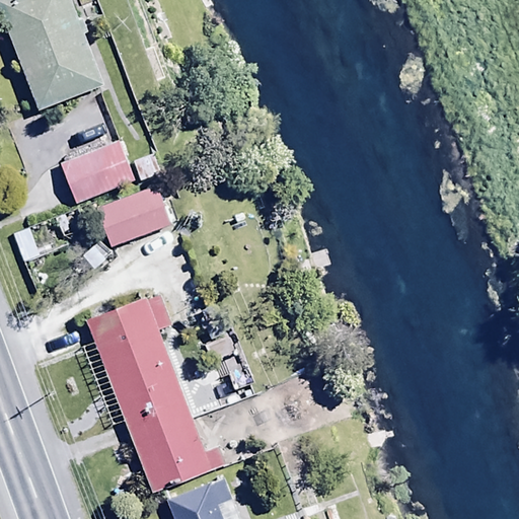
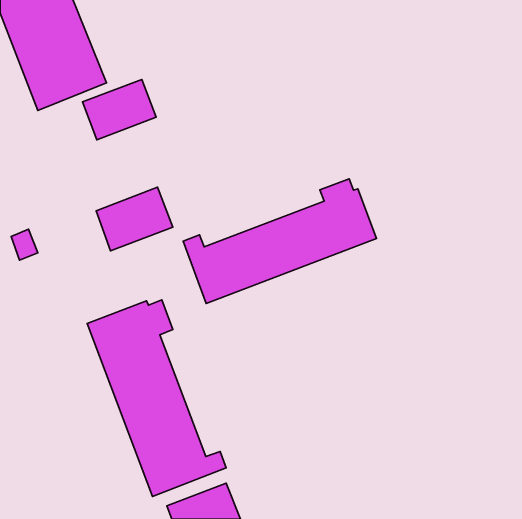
building: [61,143,134,203] -> [83,79,156,140]
building: none -> [183,179,377,303]

